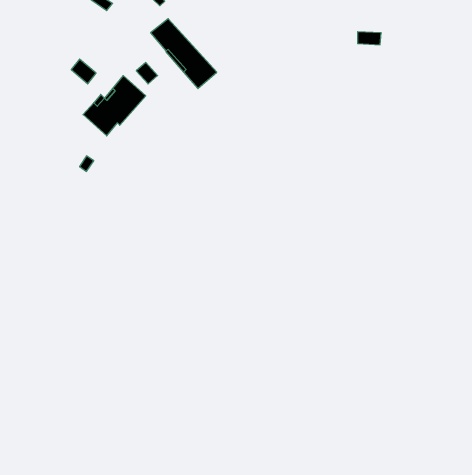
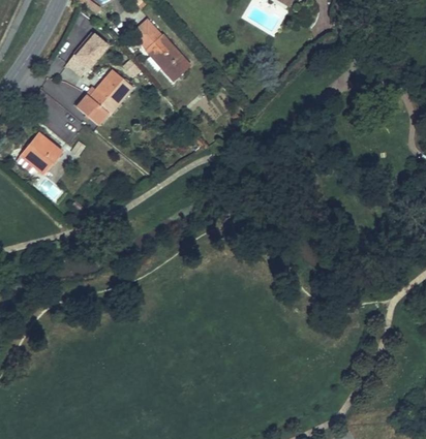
building: none -> [72,34,105,68]
building: none -> [22,131,64,174]

